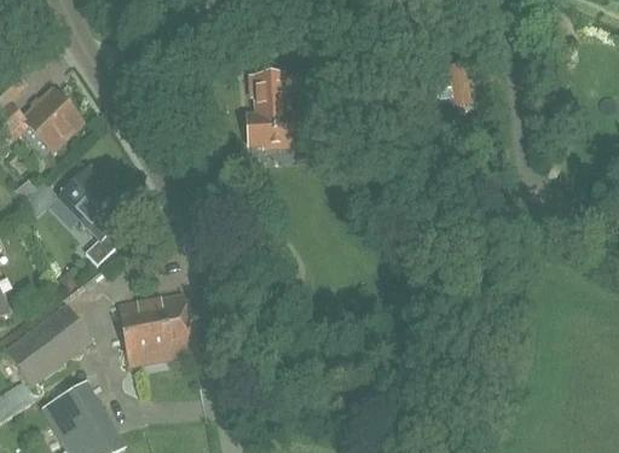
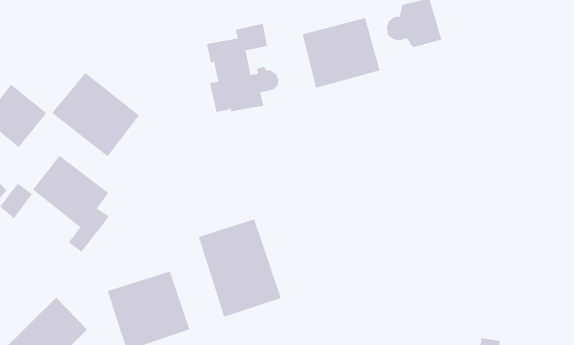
building: none -> [302,17,380,89]
building: none -> [51,72,140,157]
building: none -> [198,218,281,317]

